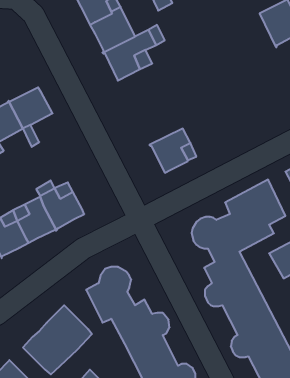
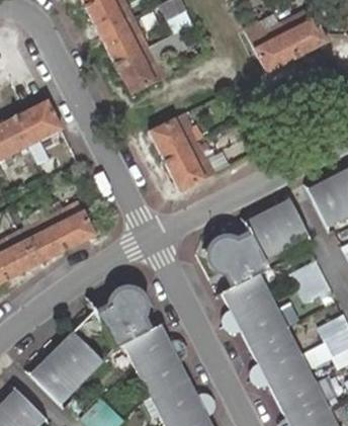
building: none -> [246,21,297,71]
building: none -> [151,113,199,161]

